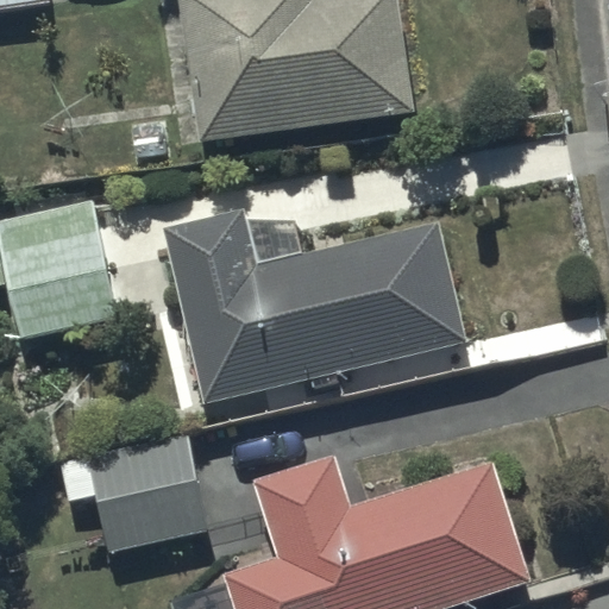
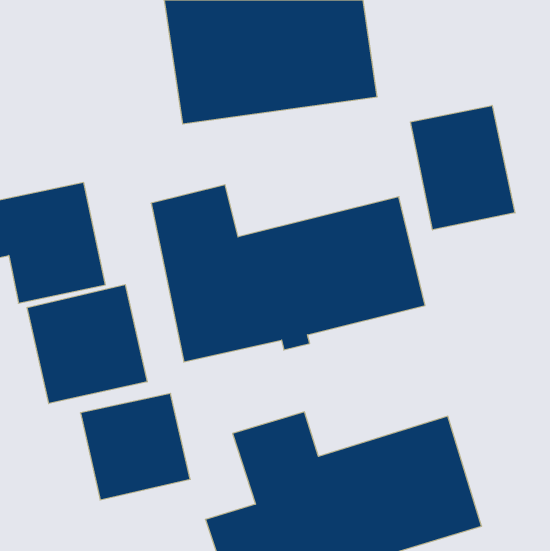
building: none -> [411,105,515,230]
building: none -> [27,285,147,404]

